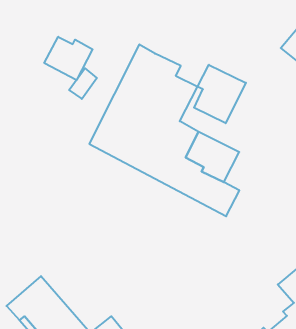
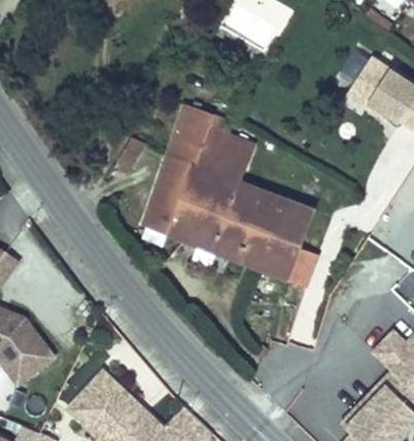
building: [44,37,93,80] -> none
building: [194,65,246,123] -> none

